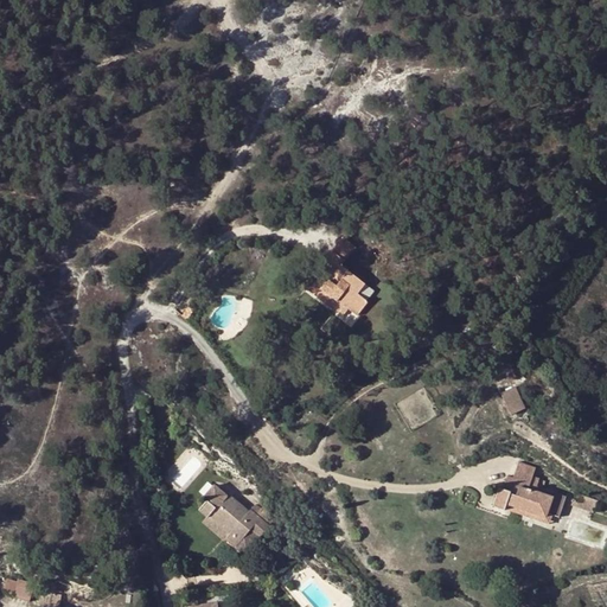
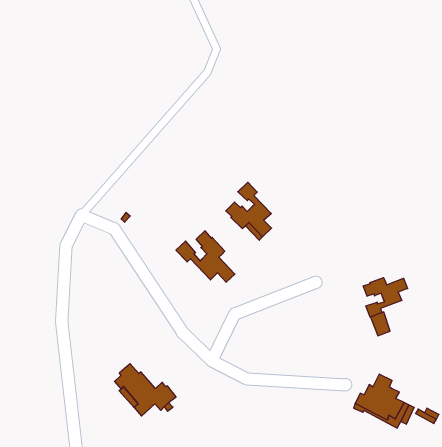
building: none -> [176,231,235,282]
building: none -> [363,278,408,317]

